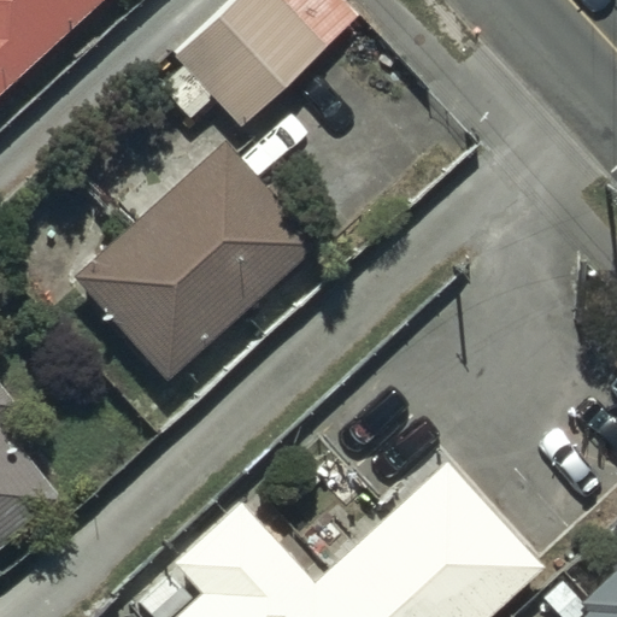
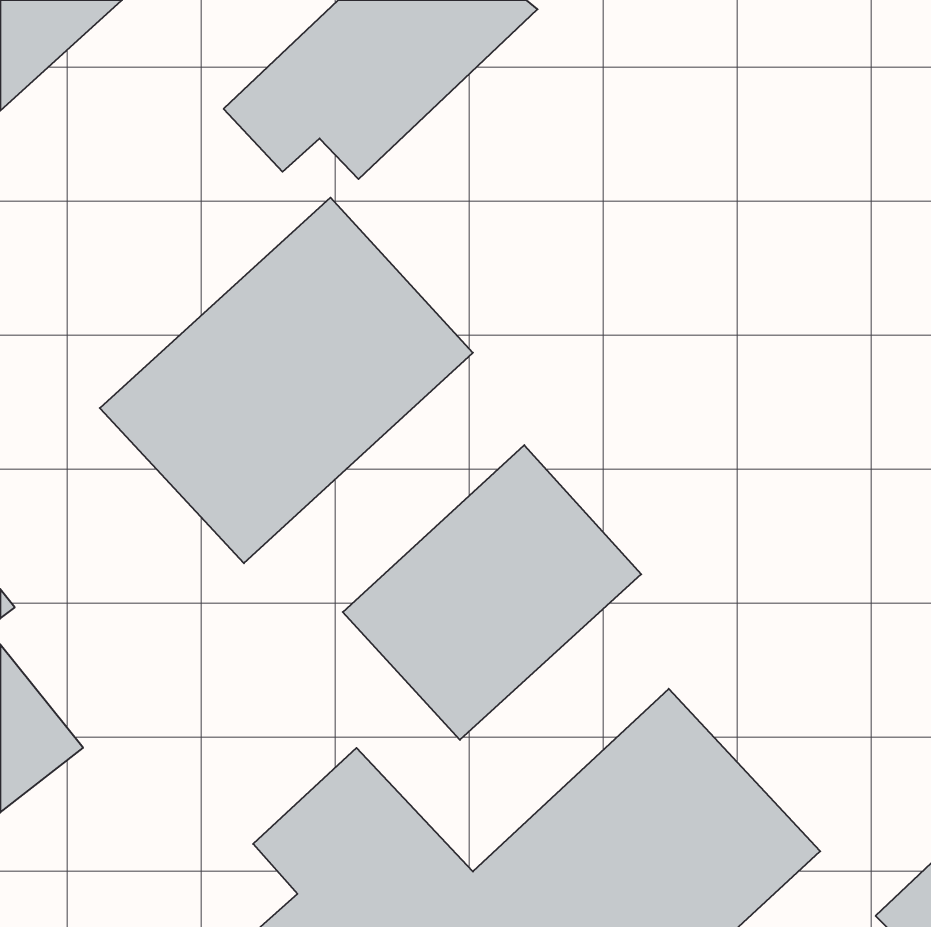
building: none -> [343,445,641,740]

